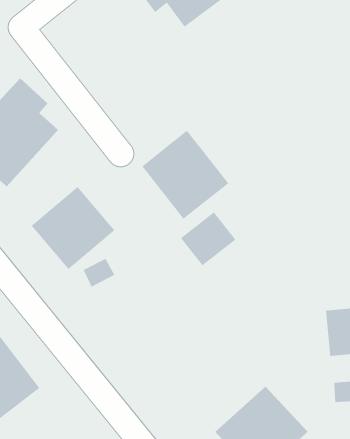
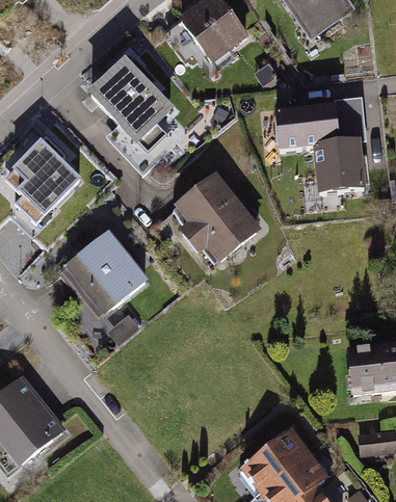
building: none -> [90,63,183,156]
building: none -> [274,91,366,190]
building: [180,212,236,266] -> none

